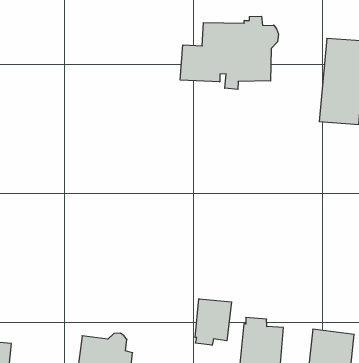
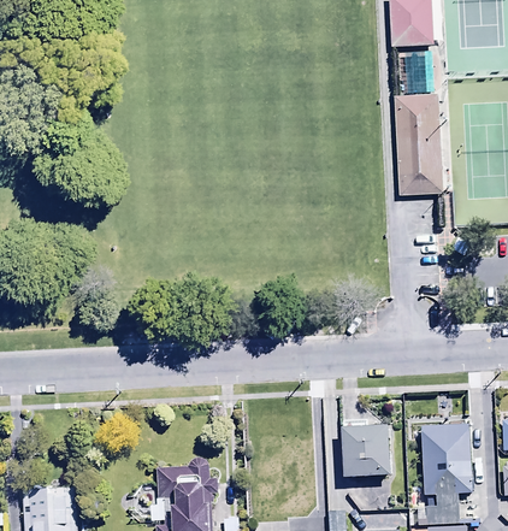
building: [180,16,279,89] -> none
building: [195,299,231,345] -> none

